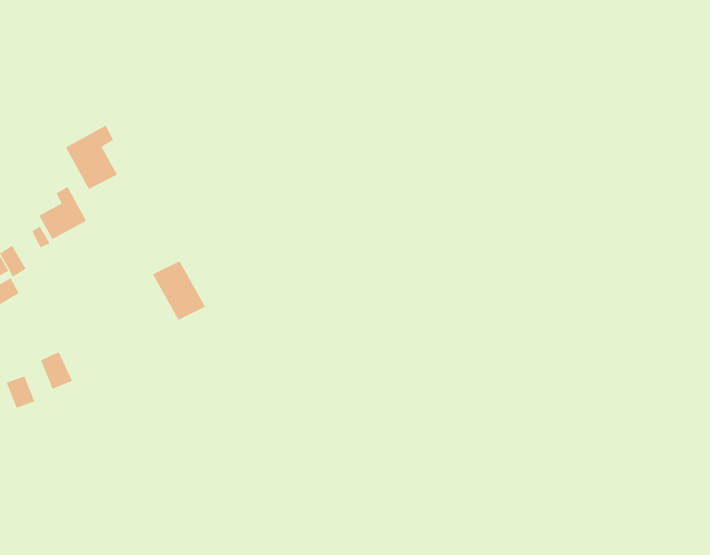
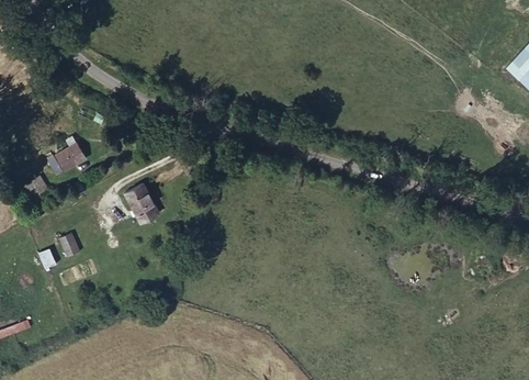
building: [65,125,118,190] -> none

